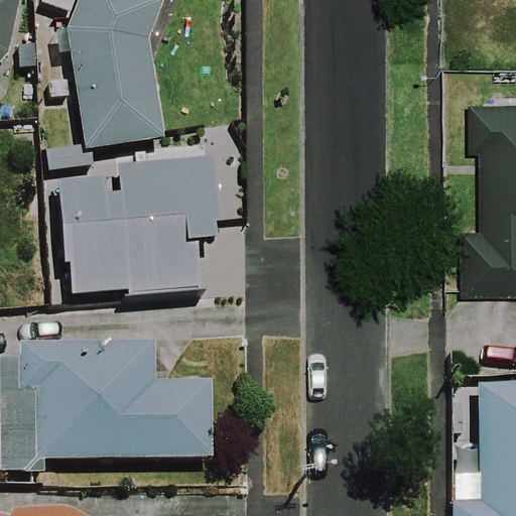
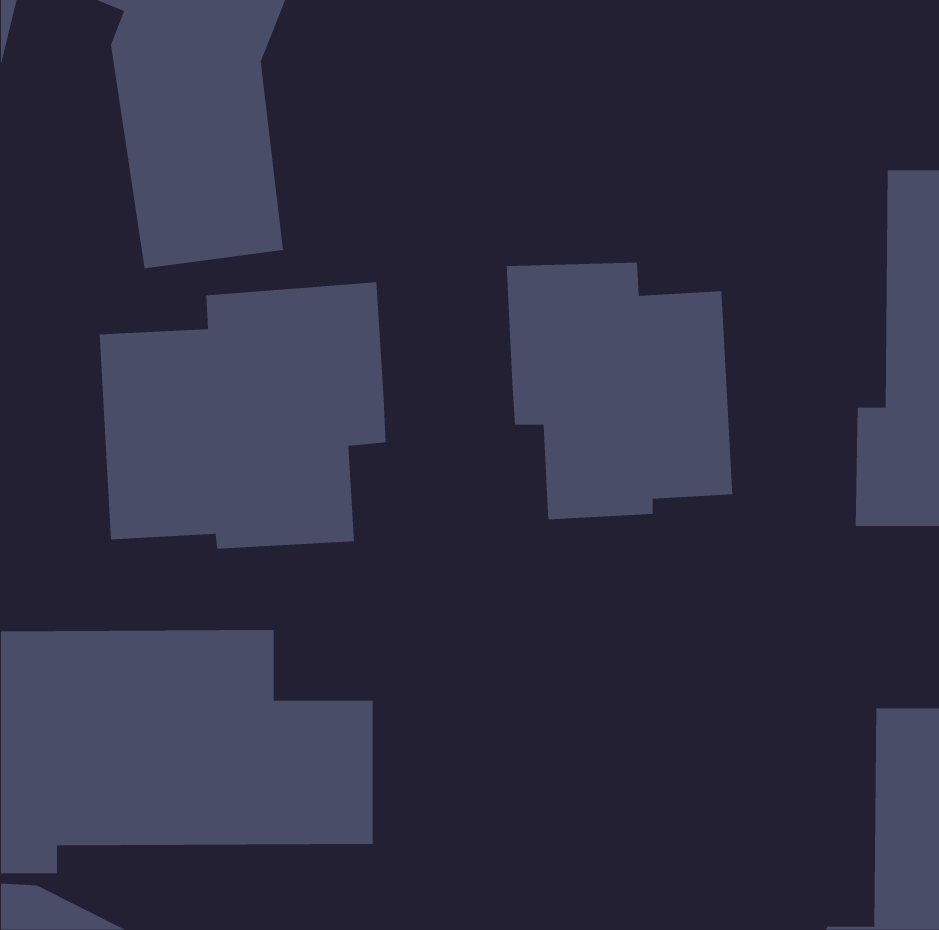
building: none -> [506,262,733,520]

